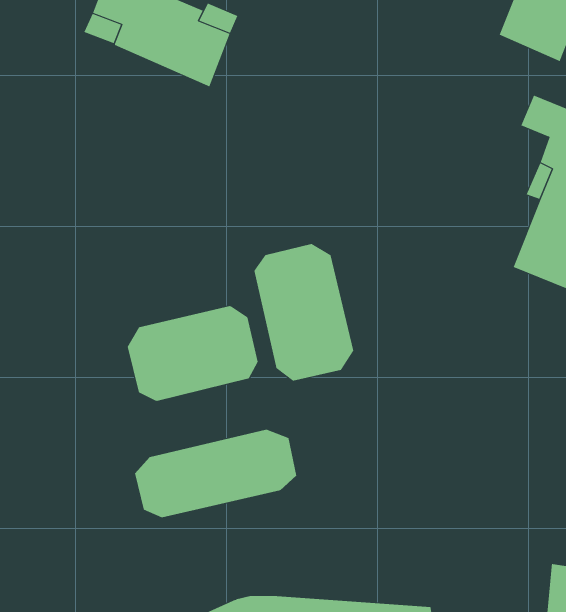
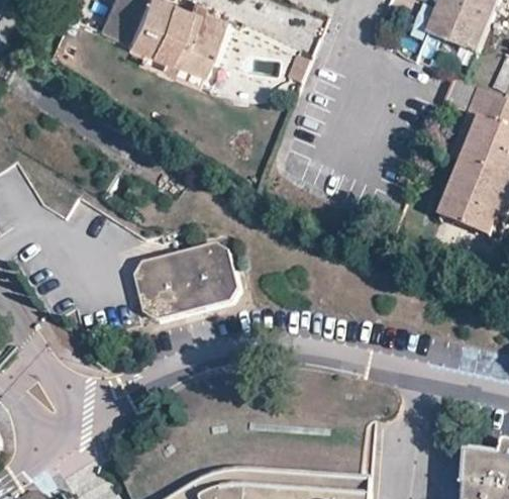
building: [254,243,354,381] -> none
building: [134,429,297,518] -> none

